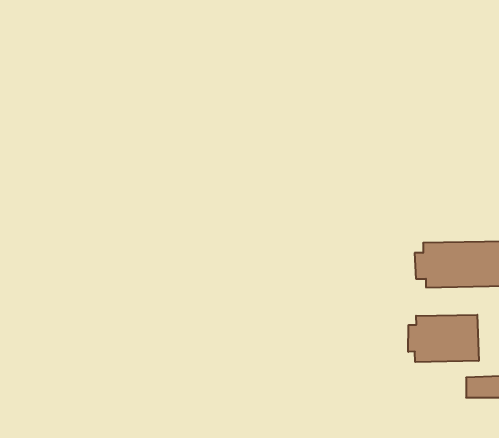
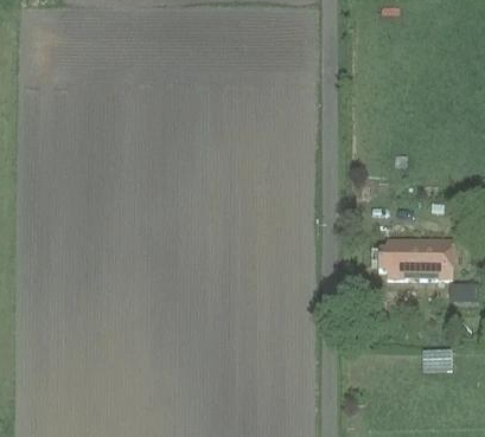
building: [408,315,479,362] -> none

